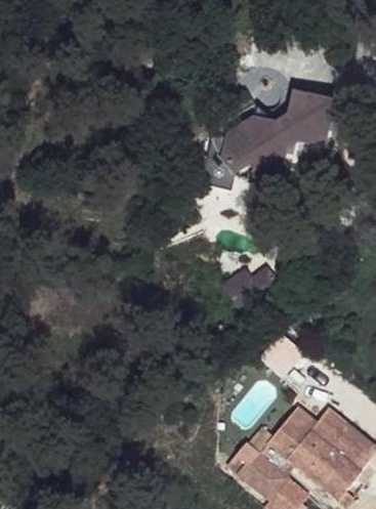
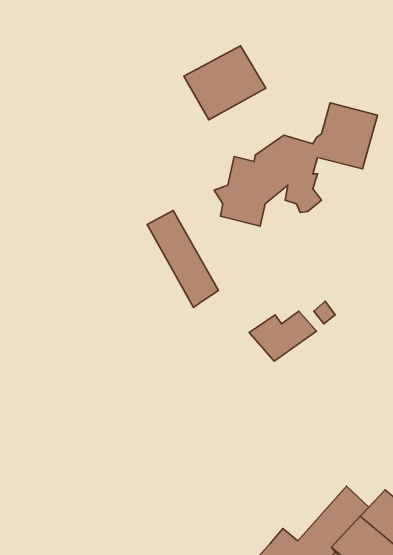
building: none -> [184,46,266,120]
building: none -> [147,210,219,308]

